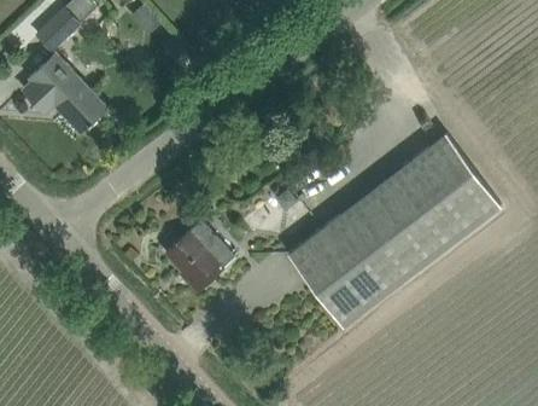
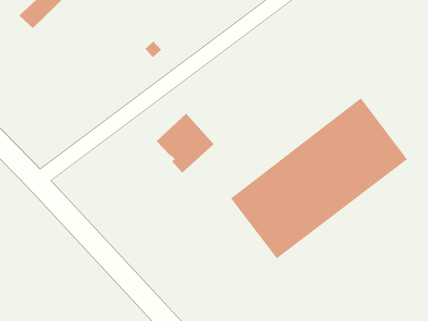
building: [23,56,106,134] -> none
building: [165,221,235,294] -> [156,113,214,173]

